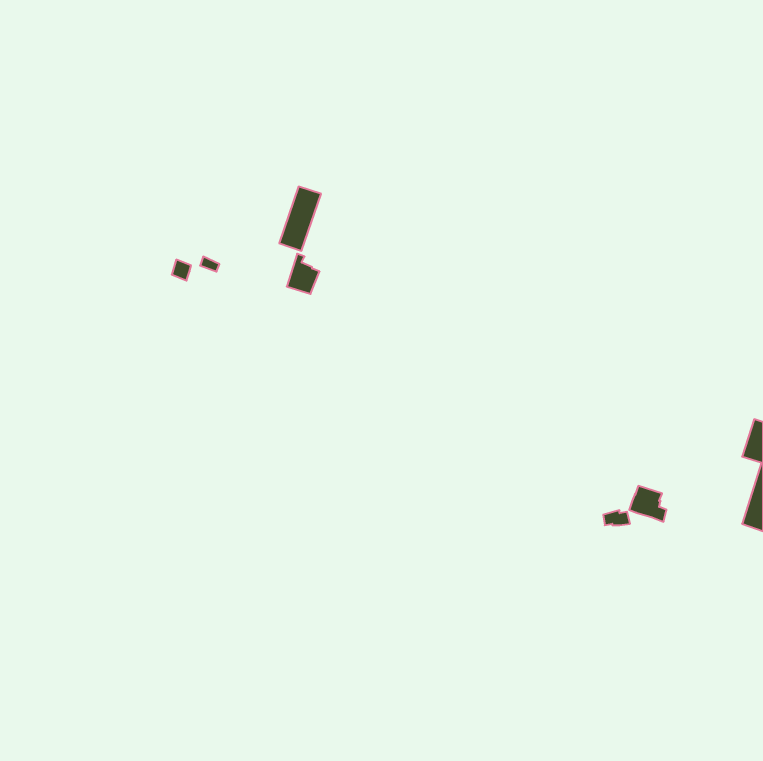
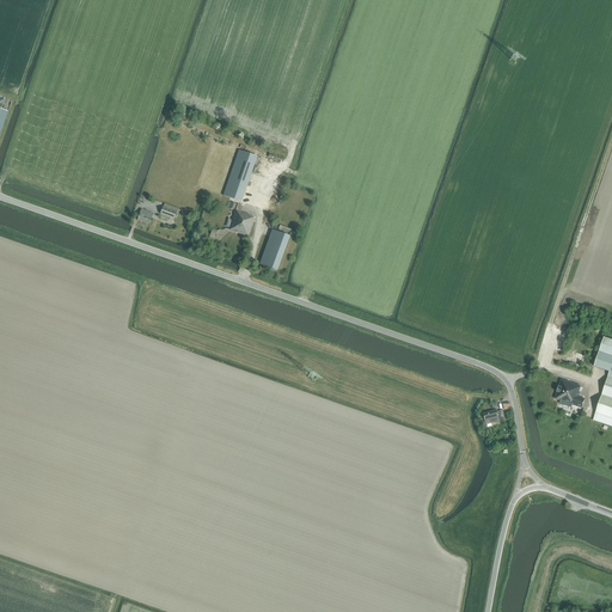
building: none -> [259,225,292,269]
building: [629,486,667,522] -> [555,379,585,408]

